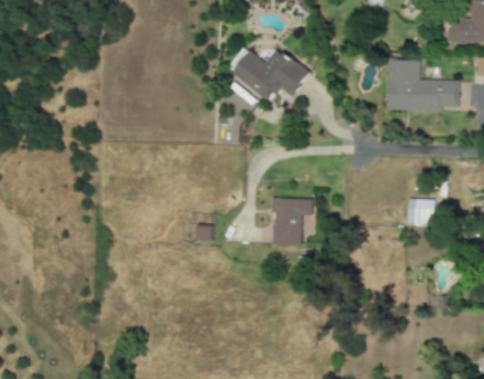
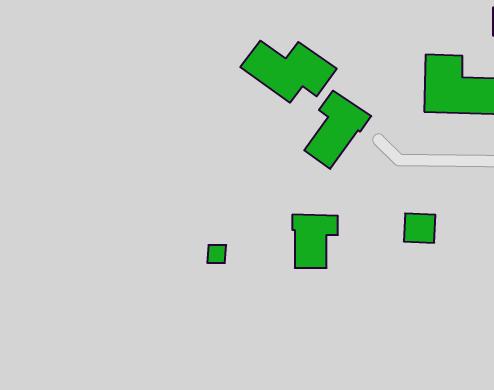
building: none -> [304,91,371,169]
building: [407,198,434,223] -> [404,213,435,243]

